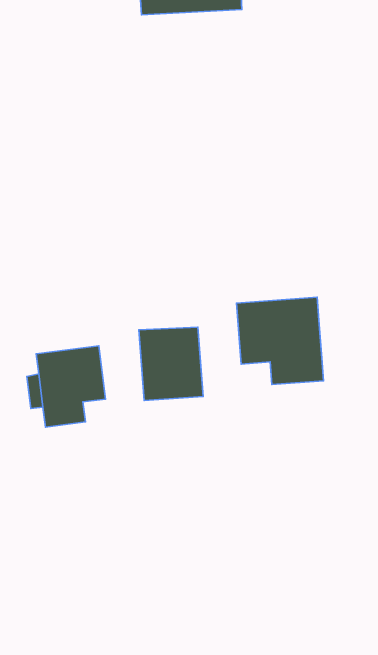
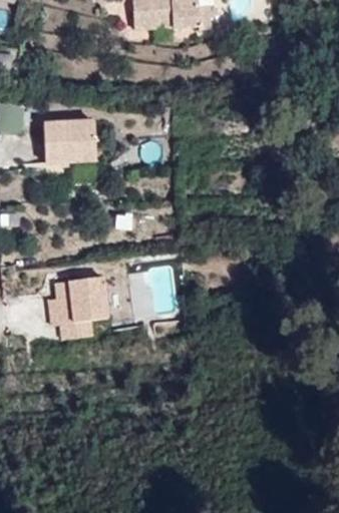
building: none -> [43,120,95,162]
building: [236,297,323,385] -> none

